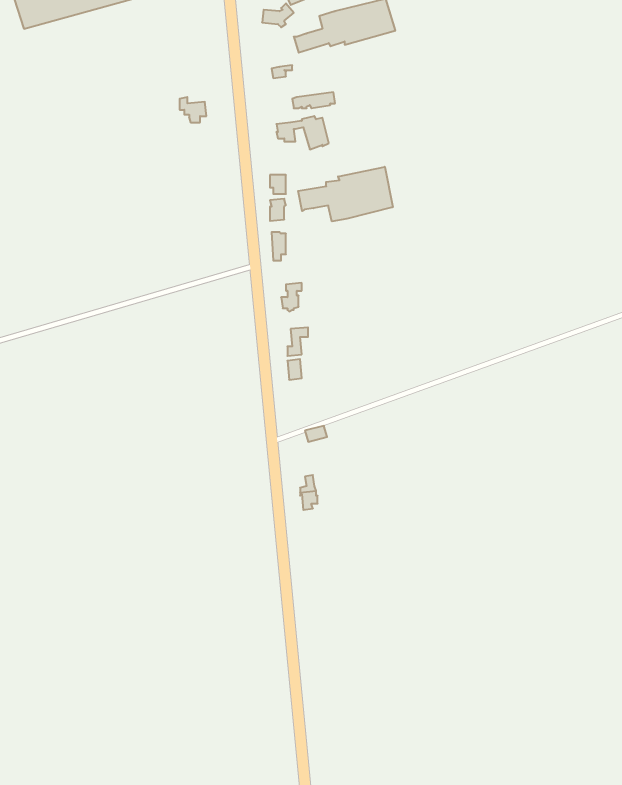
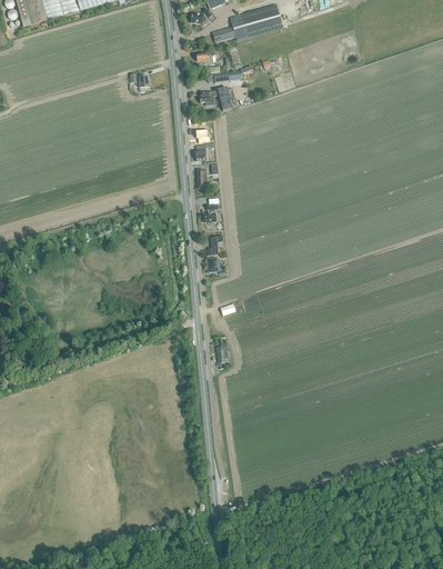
building: [298,167,393,221] -> none

